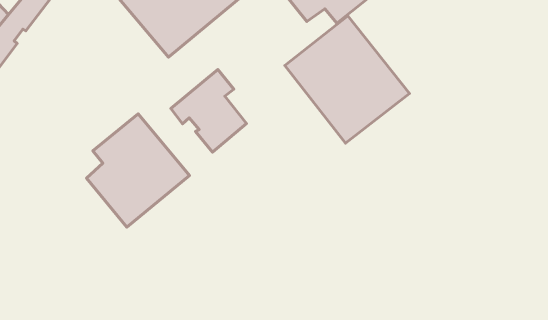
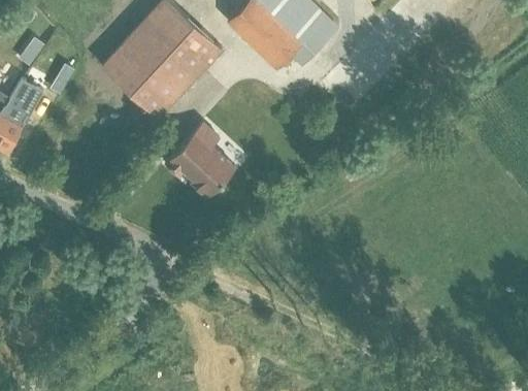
building: [285,16,410,143] -> none
building: [87,114,189,227] -> none

